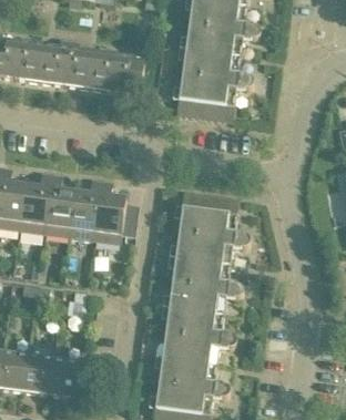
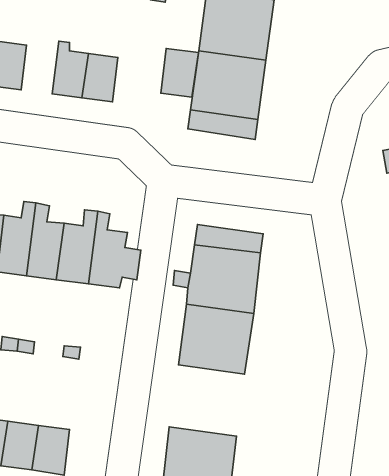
building: [39,40,70,84] -> none
building: [114,54,145,94] -> [161,49,198,97]
building: [161,307,223,366] -> none

